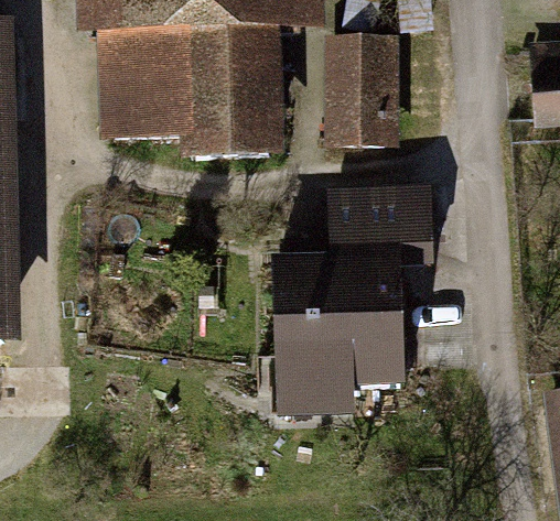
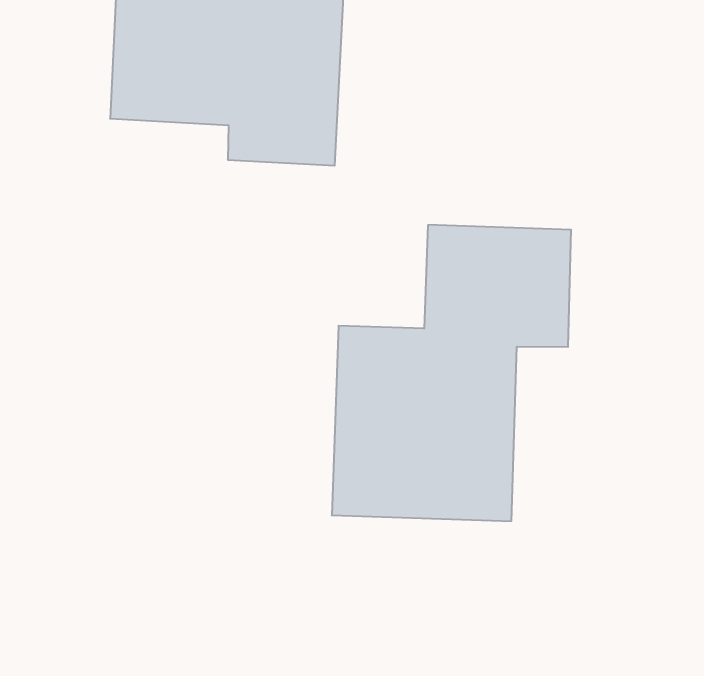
building: [337,50,388,148] -> none

